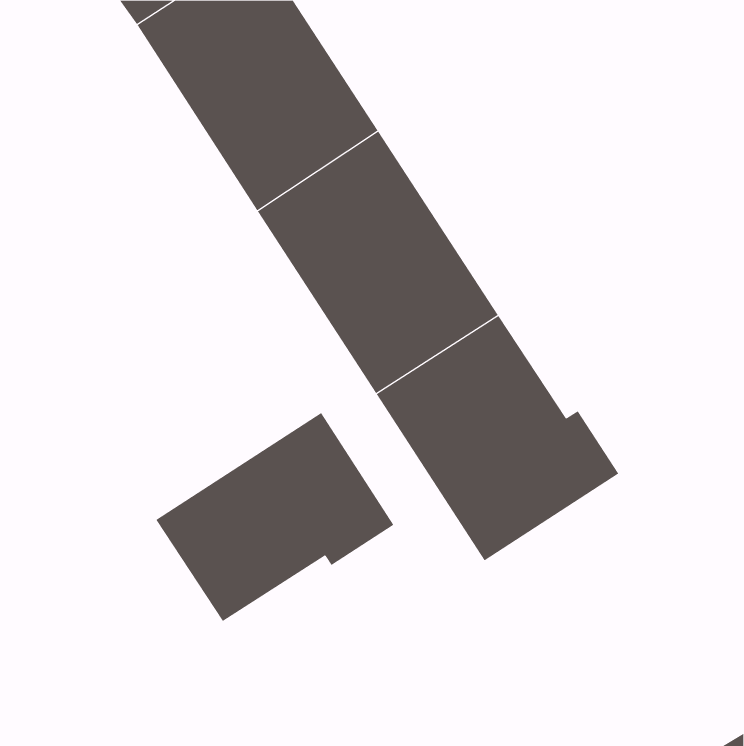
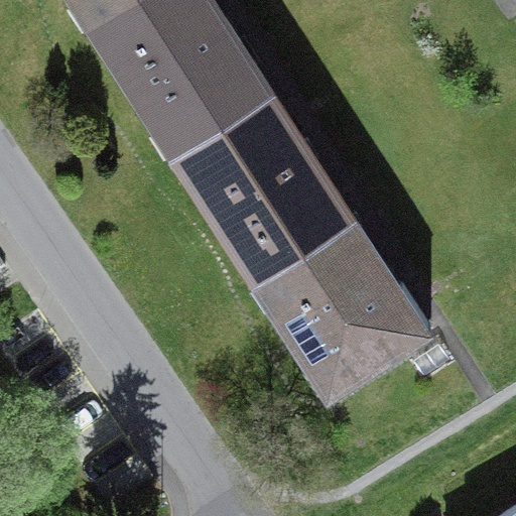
building: [155,412,394,622] -> none

